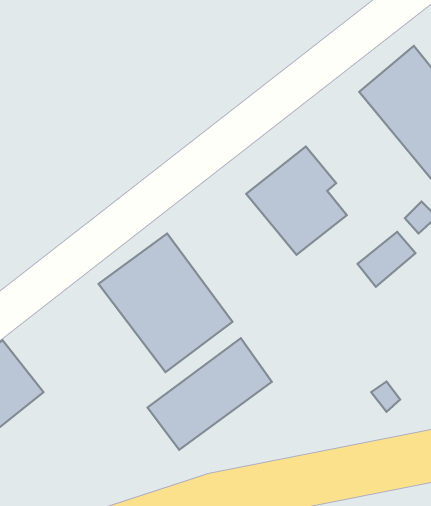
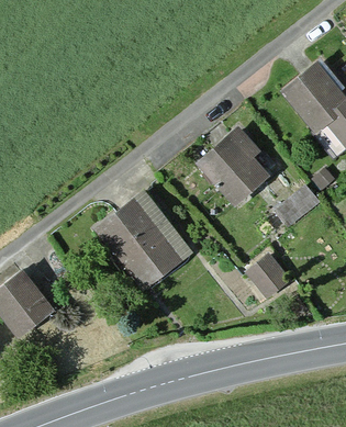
building: none -> [246,256,291,301]
building: [147,338,272,450] -> none

